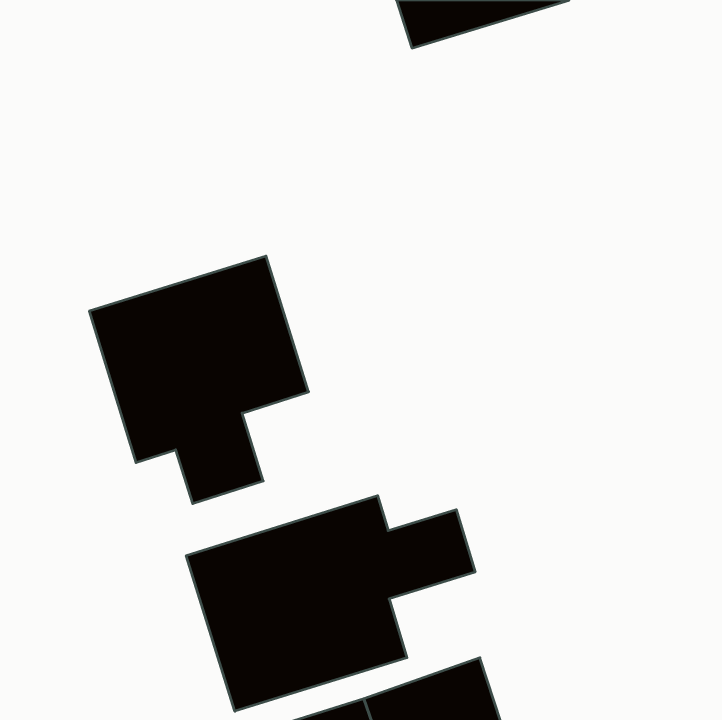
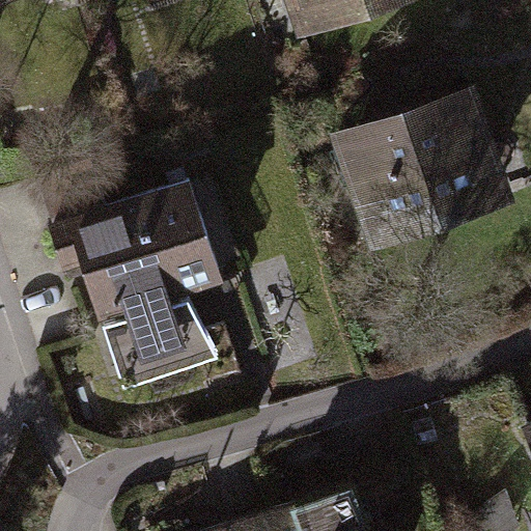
building: none -> [337,96,505,233]
building: [186,496,475,711] -> none

